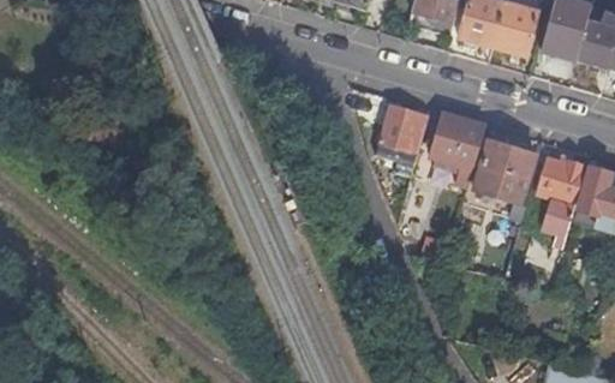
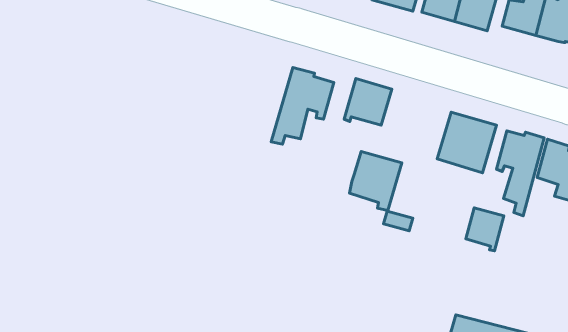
building: none -> [271,68,334,144]
building: [431,113,485,174] -> [350,151,402,211]
building: none -> [466,208,504,251]

